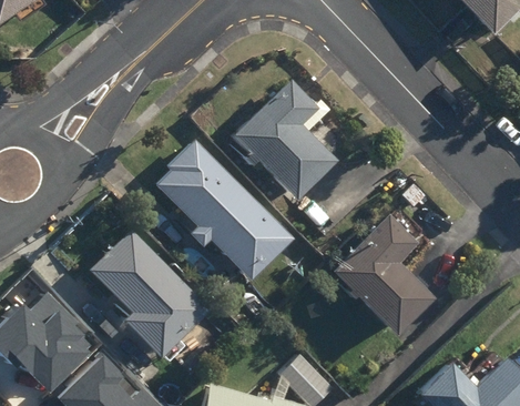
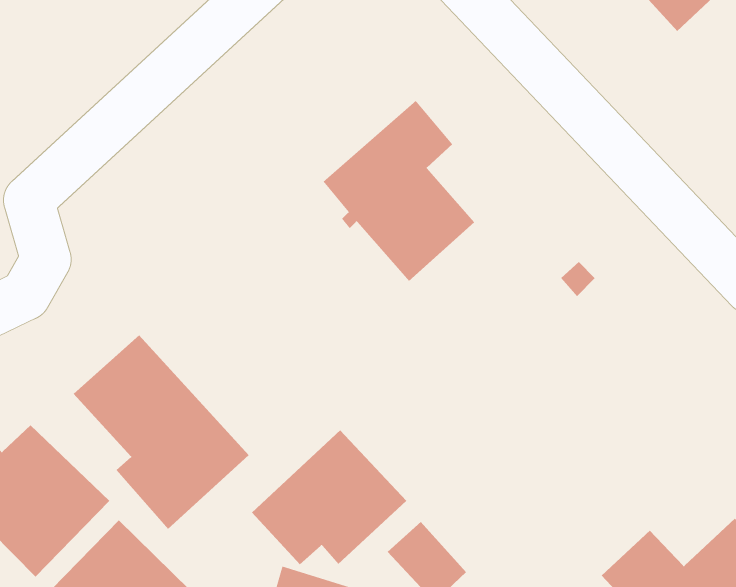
building: [162,140,290,278] -> none
building: [317,216,415,337] -> none
building: none -> [251,429,407,565]

